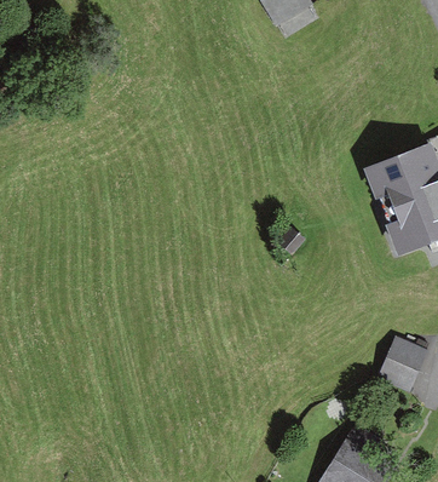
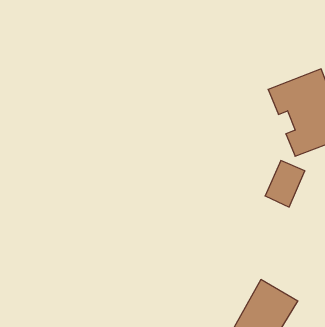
building: [375,332,427,392] -> [265,161,305,207]

